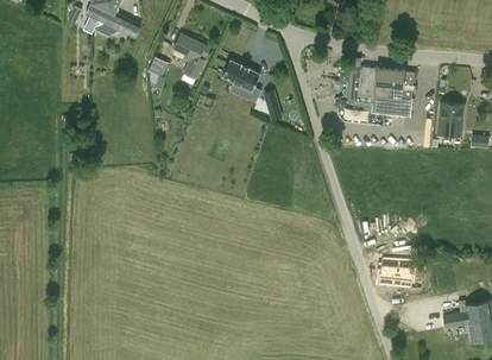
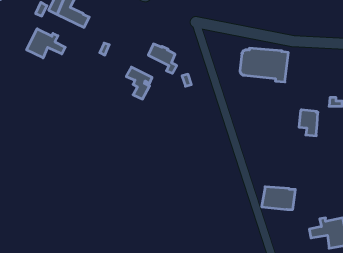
building: [172,36,208,80] -> [126,67,152,99]
building: none -> [27,29,65,58]
building: [436,102,462,138] -> [299,110,318,136]

